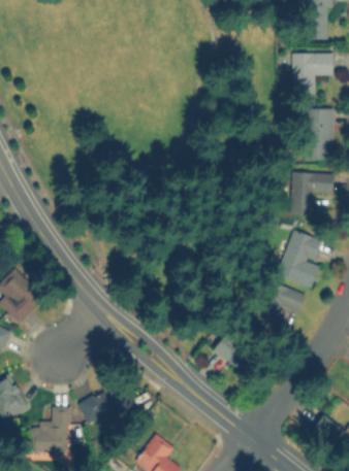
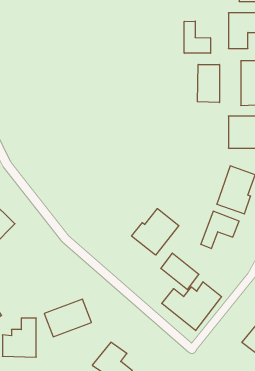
building: none -> [184,21,211,53]
building: none -> [197,64,219,103]
building: none -> [132,209,179,255]
building: none -> [162,282,222,331]

